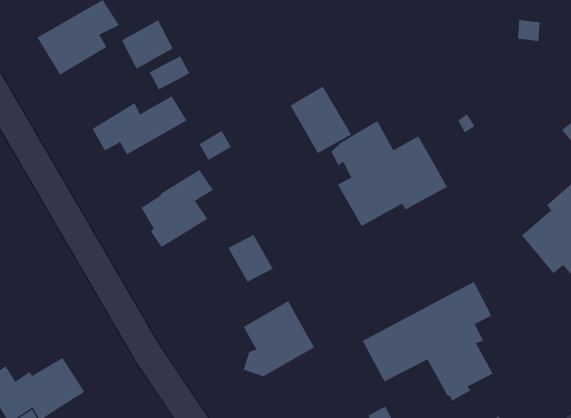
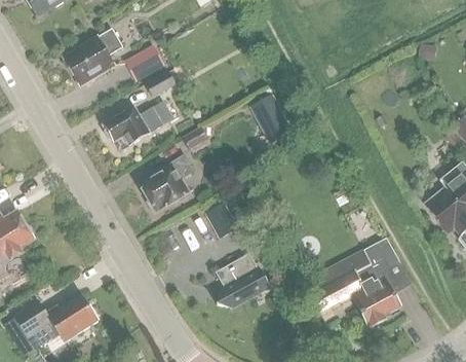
building: [331,120,448,227] -> none

